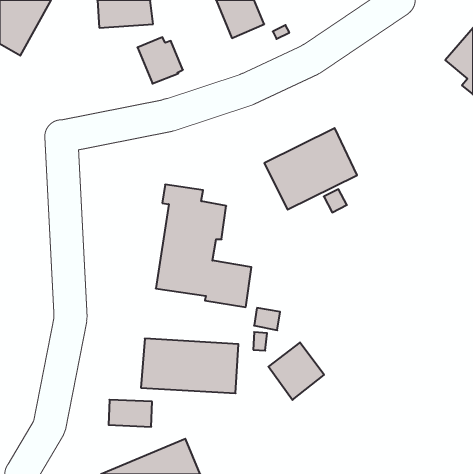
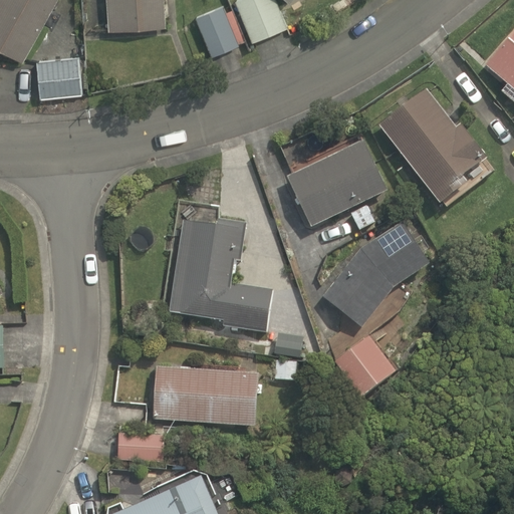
building: [137,37,183,84] -> [195,5,244,55]
building: none -> [36,57,81,97]
building: none -> [378,87,487,203]
building: none -> [322,221,429,328]
building: [268,342,324,400] -> [334,335,395,398]

